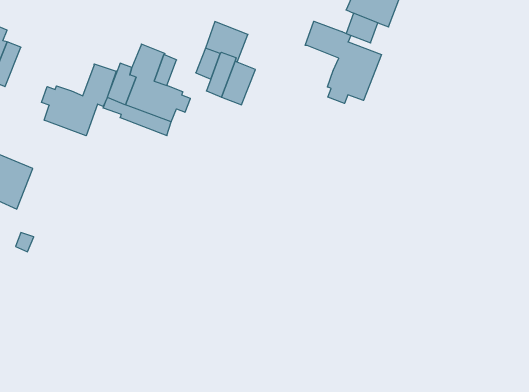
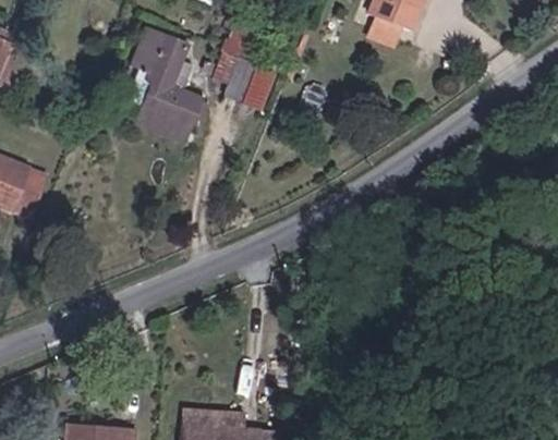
building: [305,21,382,103] -> none
building: [42,64,116,136] -> none

